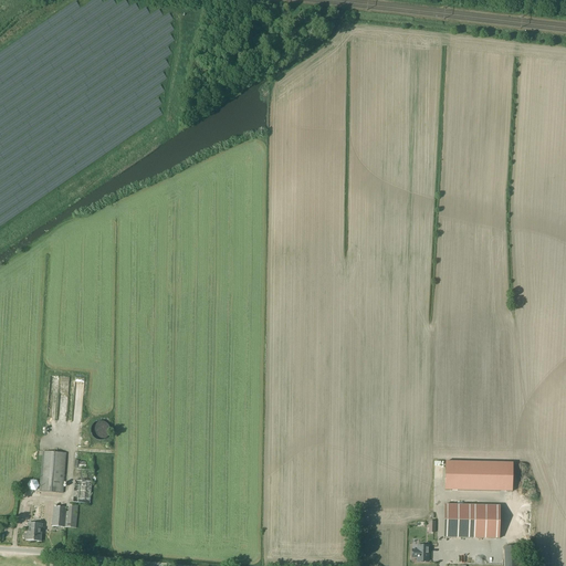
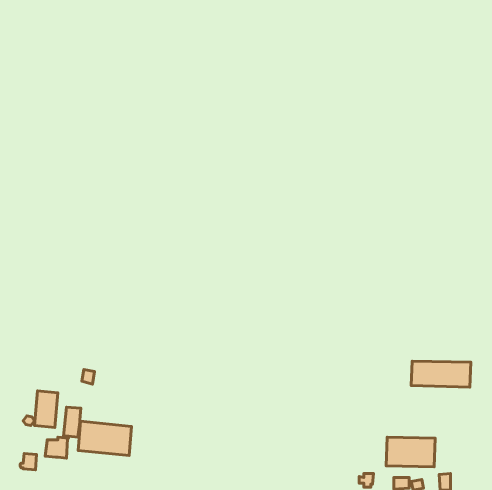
building: [444,460,513,490] -> [411,361,471,387]
building: none -> [78,421,132,456]

